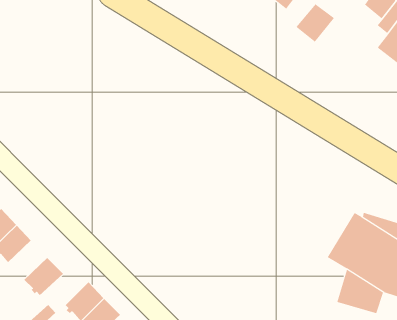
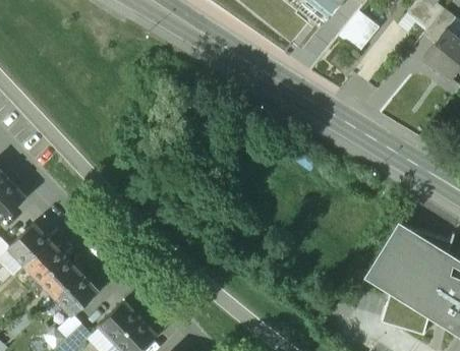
building: none -> [41,257,81,298]

